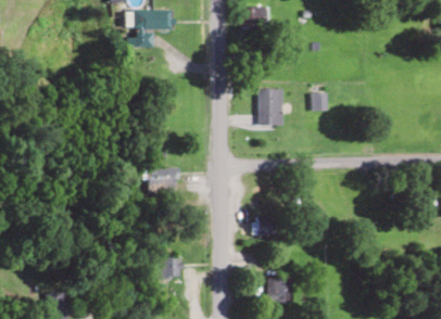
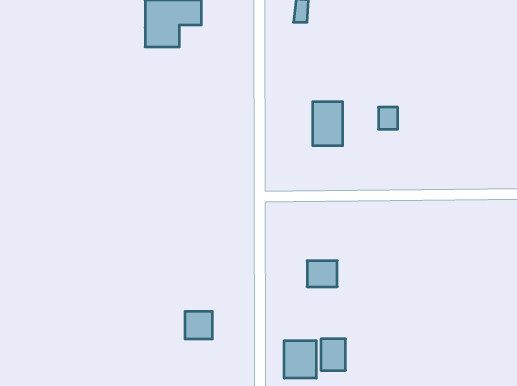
building: [141,168,177,194] -> none
building: none -> [284,341,316,378]

